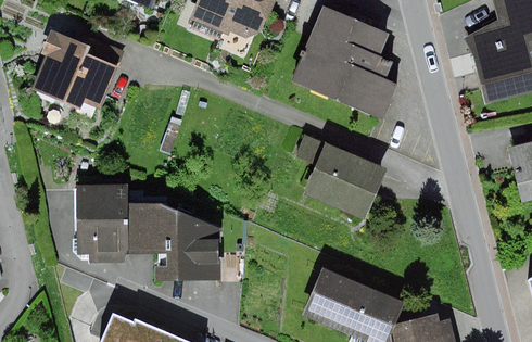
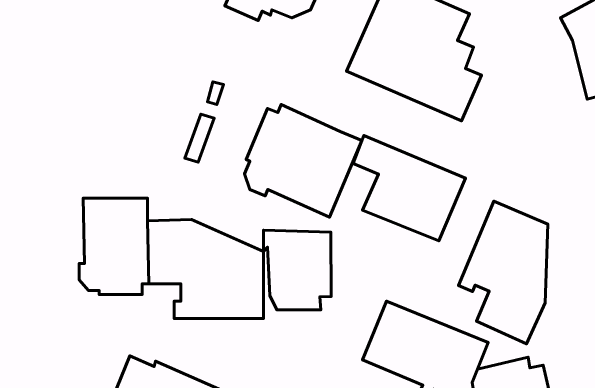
building: [31,29,125,118] -> none
building: none -> [245,105,362,217]
building: none -> [458,201,548,344]
building: none -> [264,230,331,310]

